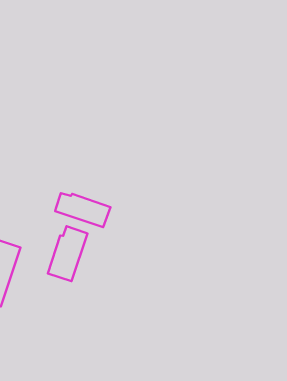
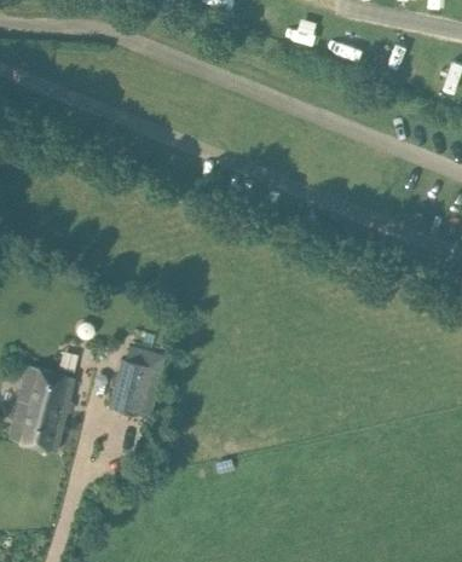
building: [55,193,111,227] -> none

